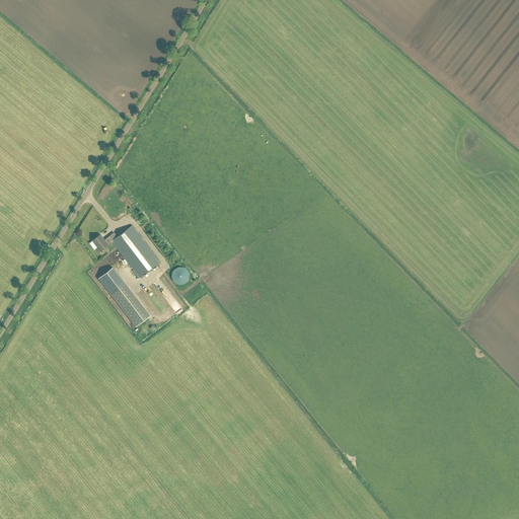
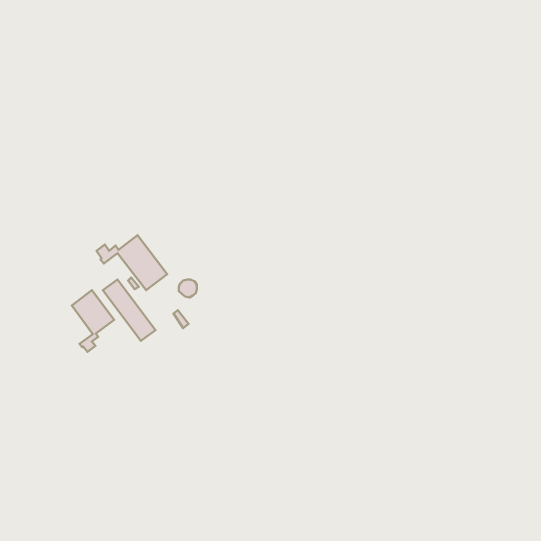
building: none -> [72,290,114,352]

